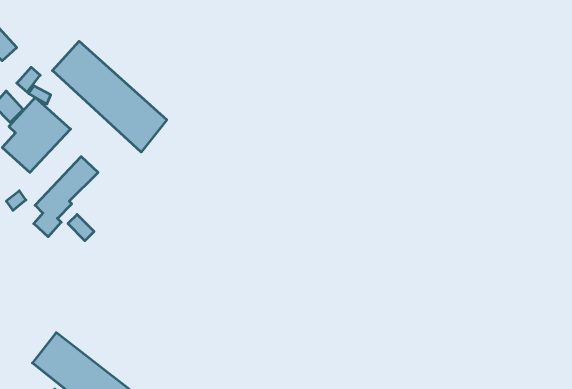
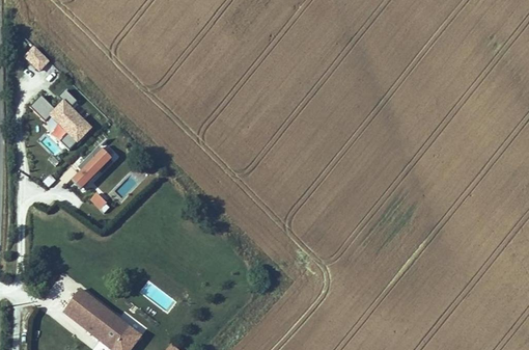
building: [52,41,167,152] -> none

